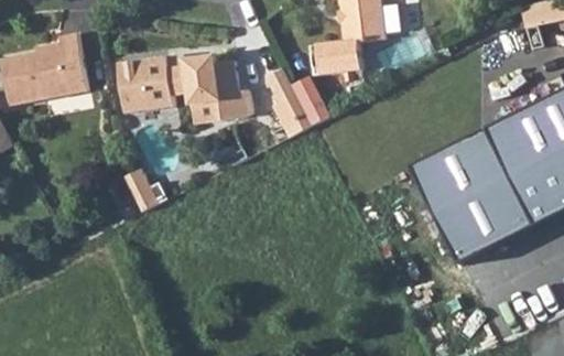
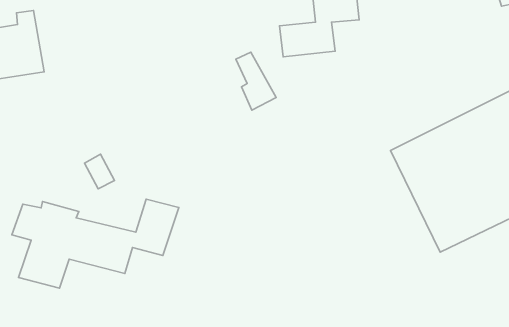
building: [122,56,252,120] -> none
building: none -> [12,199,179,288]

